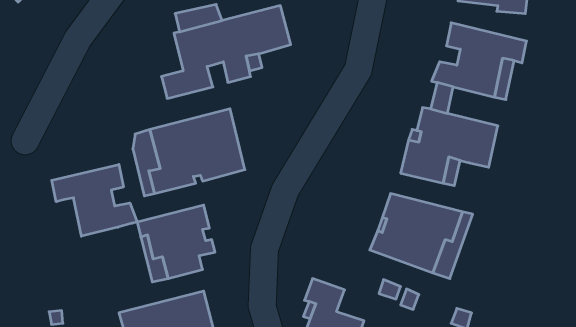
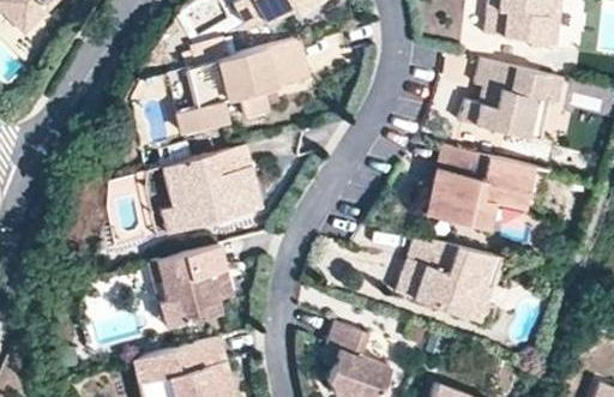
building: [52,164,137,236] -> none

